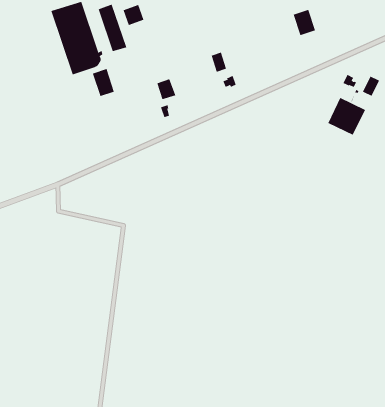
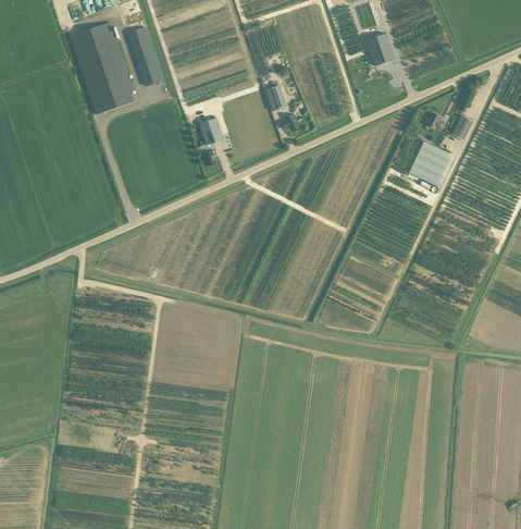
building: [123,4,144,26] -> none
building: [92,68,115,97] -> none

